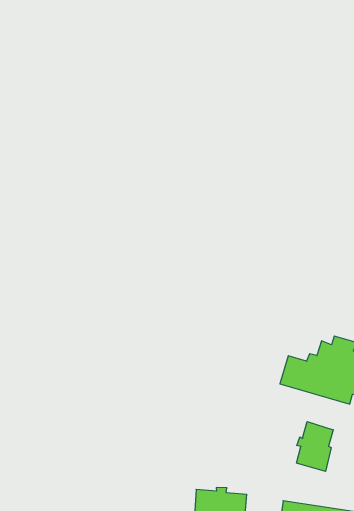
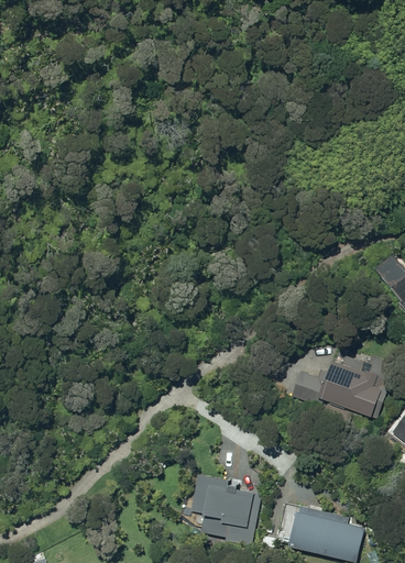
building: [296,422,333,471] -> none

